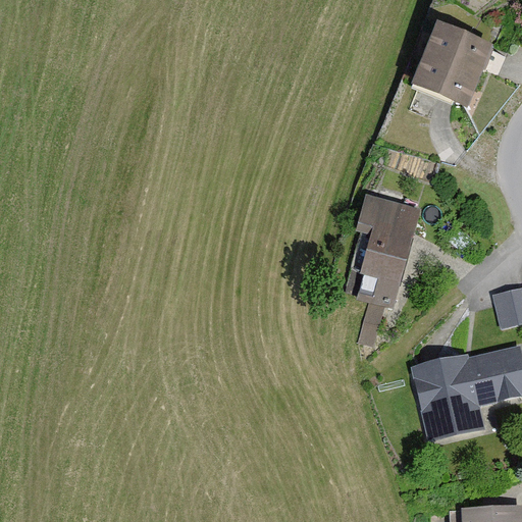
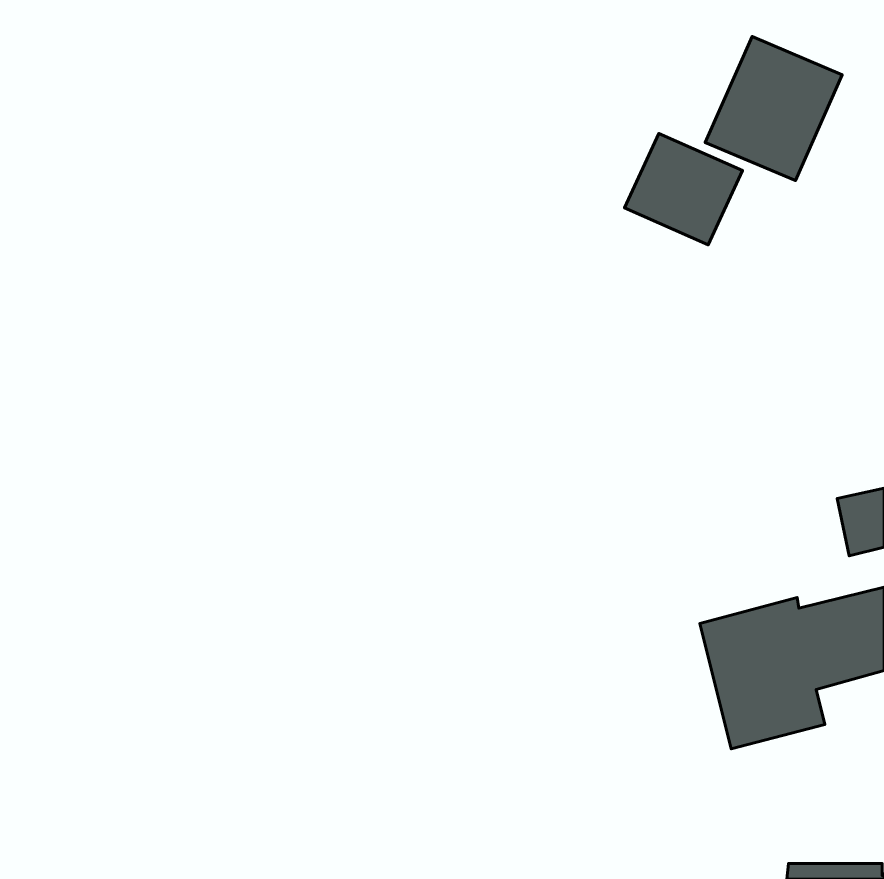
building: none -> [625,134,742,245]
building: [355,187,421,343] -> none

